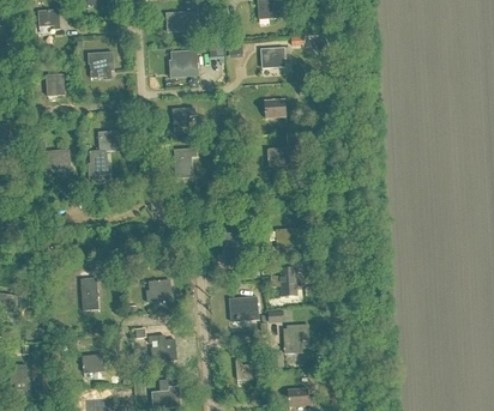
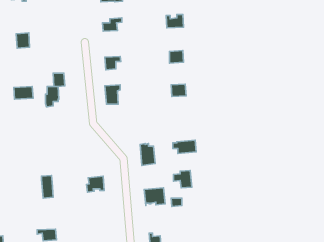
building: [89,52,114,79] -> none
building: [283,325,309,353] -> none
building: [149,334,176,361] -> none

